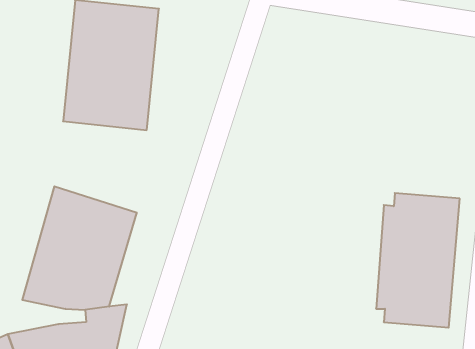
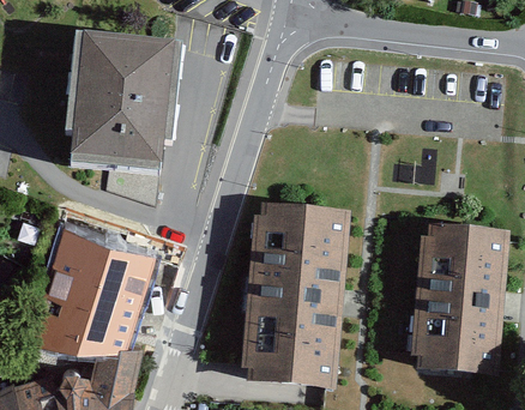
building: none -> [246,210,345,390]

